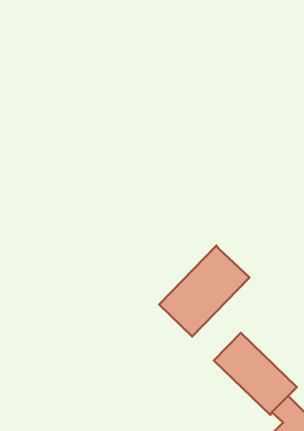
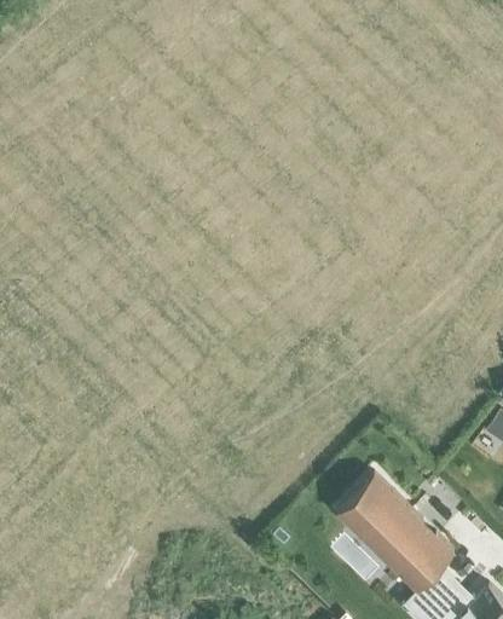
building: [159,246,249,337] -> none

